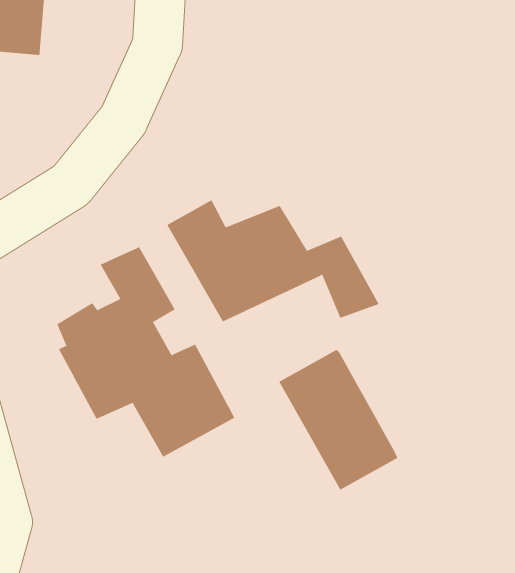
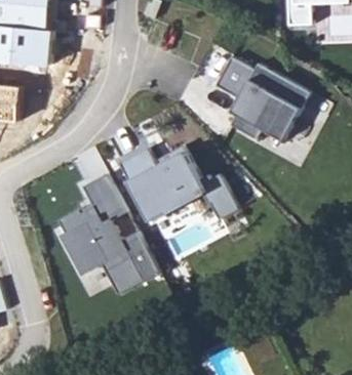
building: none -> [213,55,312,139]
building: [278,349,398,491] -> none

